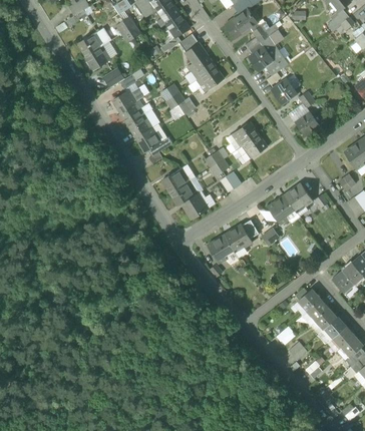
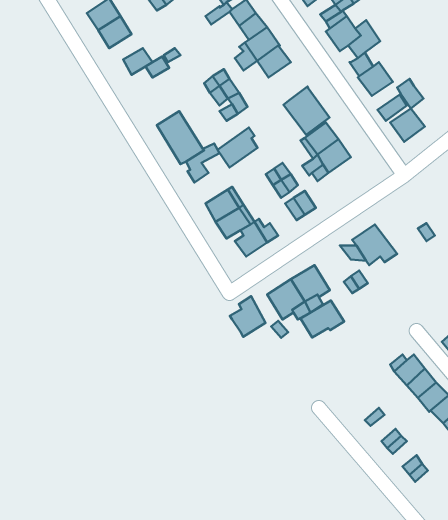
building: [112,88,152,124] -> none
building: none -> [284,86,329,135]
building: none -> [218,128,257,167]
building: [284,183,313,217] -> none
building: none -> [230,296,266,337]
building: none -> [300,300,344,338]

